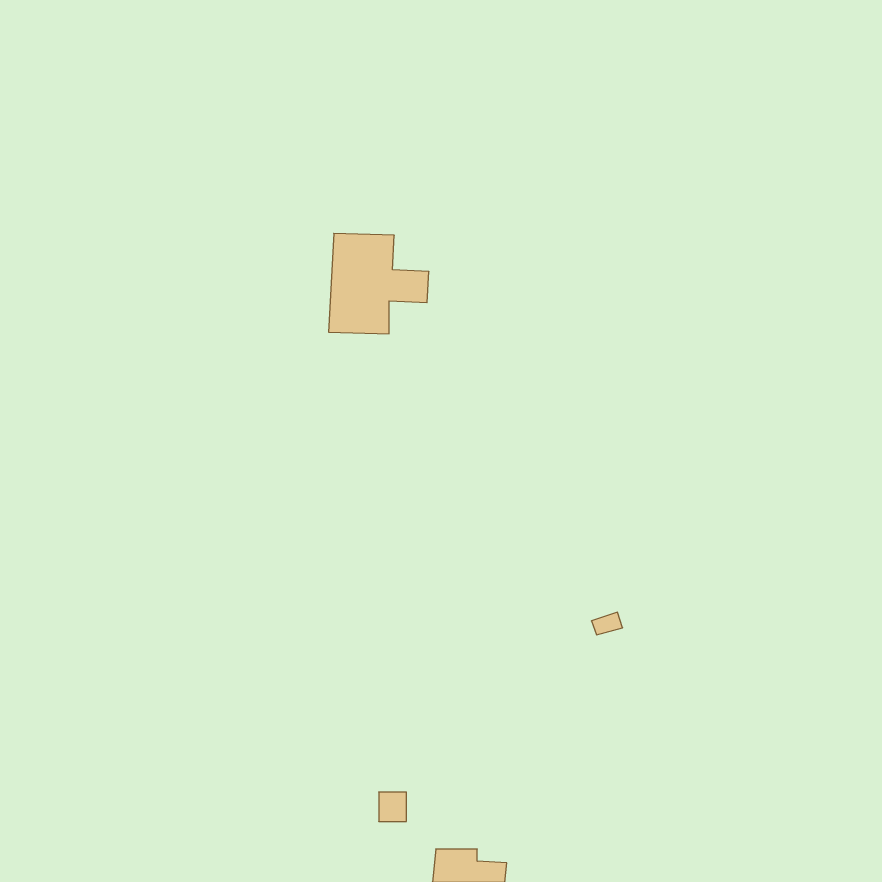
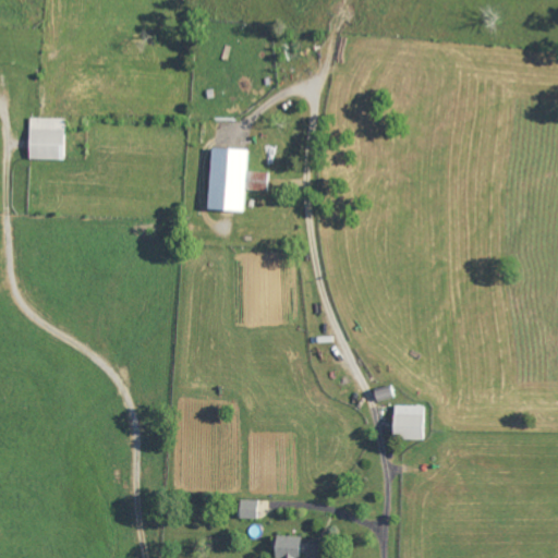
building: none -> [28,117,64,159]
building: none -> [391,404,424,439]

